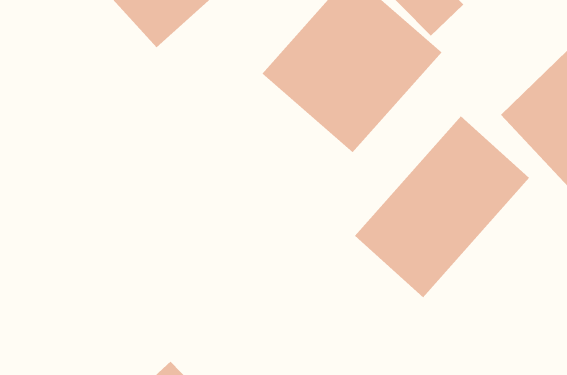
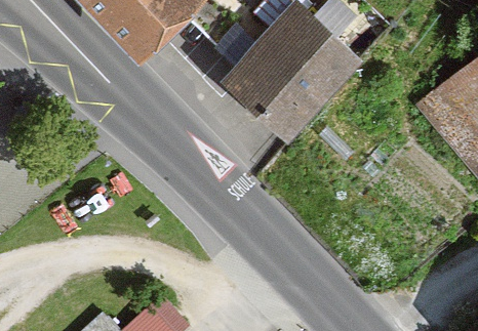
building: [354,115,530,298] -> none

